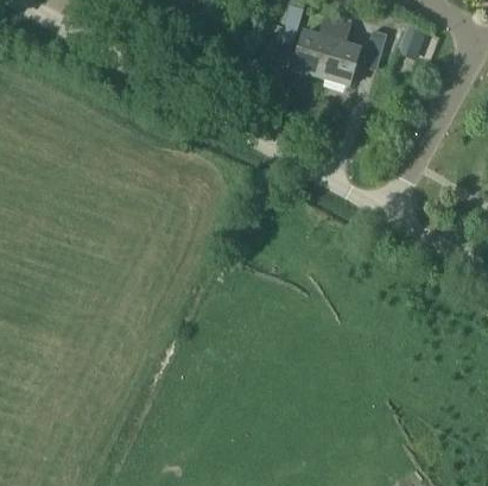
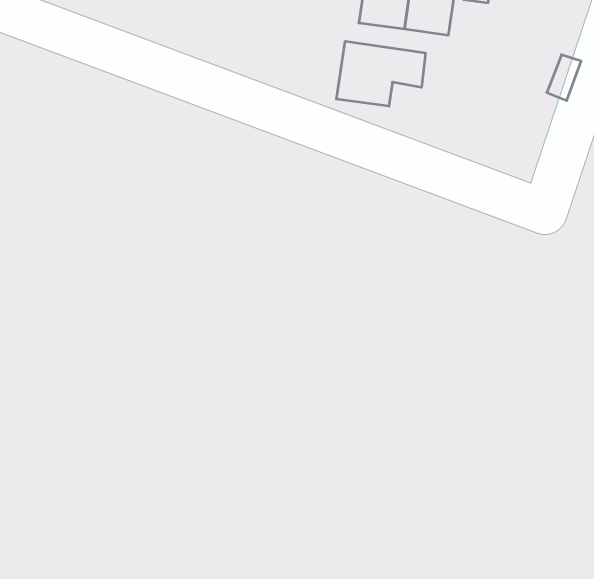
building: none -> [336,41,425,106]

